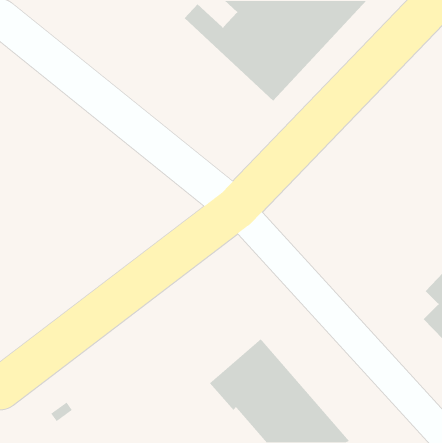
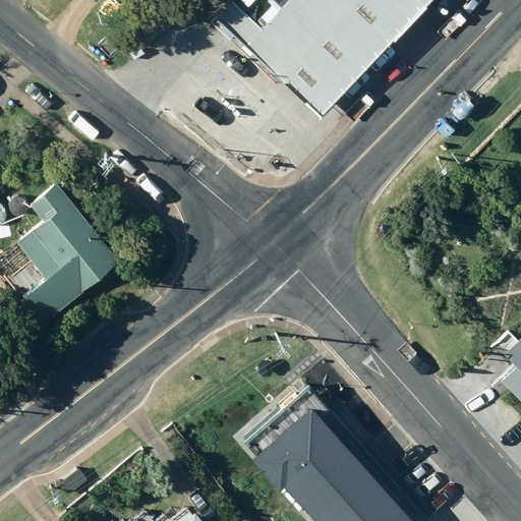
building: none -> [8,184,119,327]

